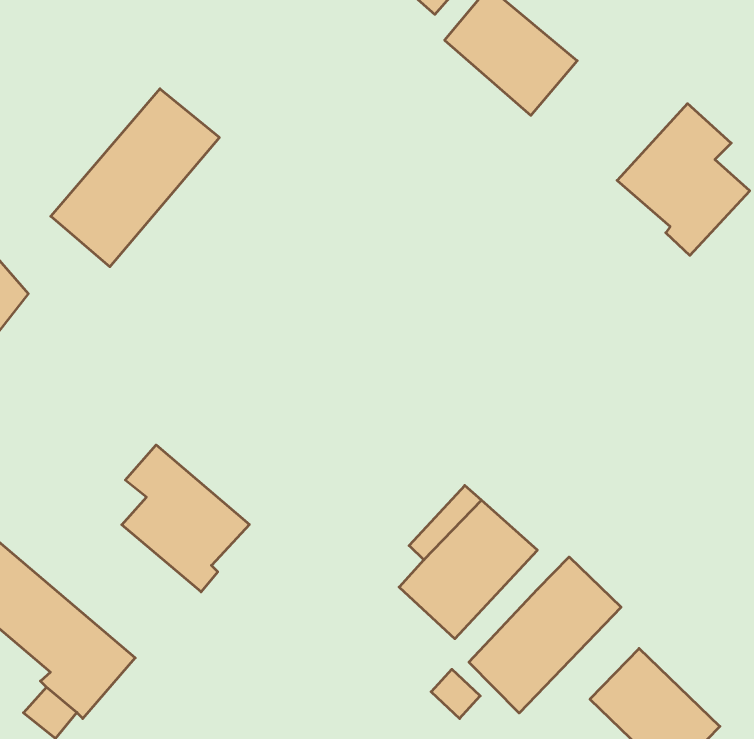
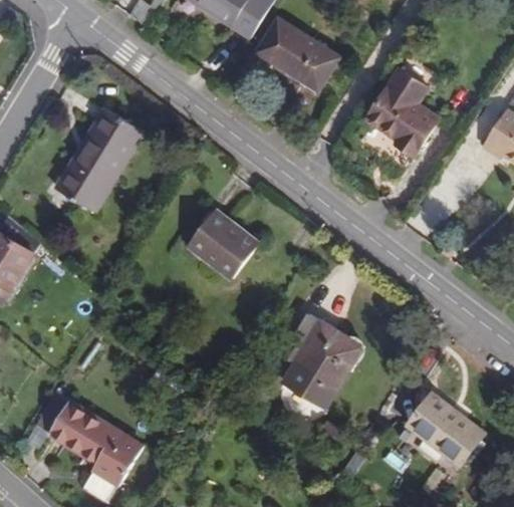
building: none -> [187,211,257,279]
building: [122,445,249,592] -> none
building: [469,557,621,713] -> none

